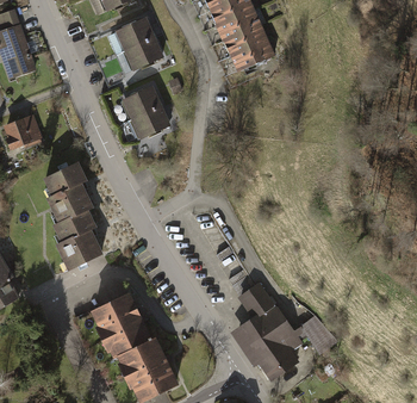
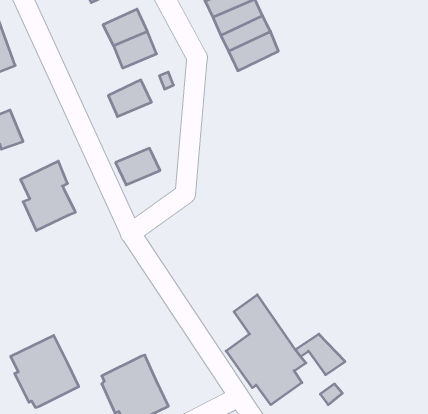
building: [131,106,172,140] -> [116,148,160,185]
building: [52,209,101,269] -> none
building: [91,291,153,356] -> [11,335,79,407]

